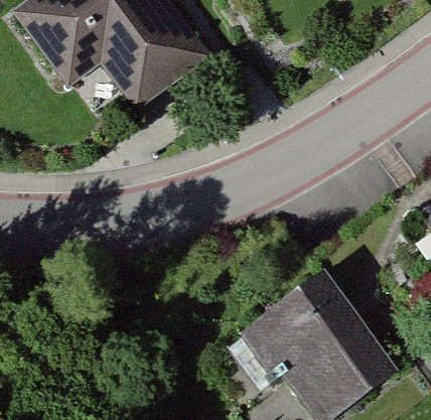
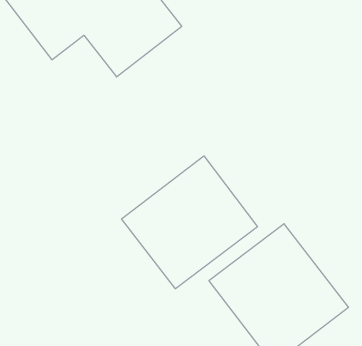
building: none -> [122,156,257,289]

